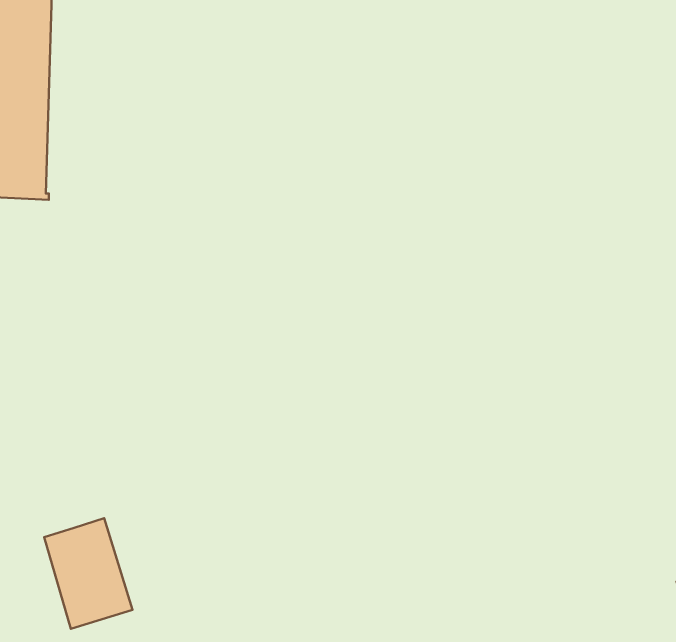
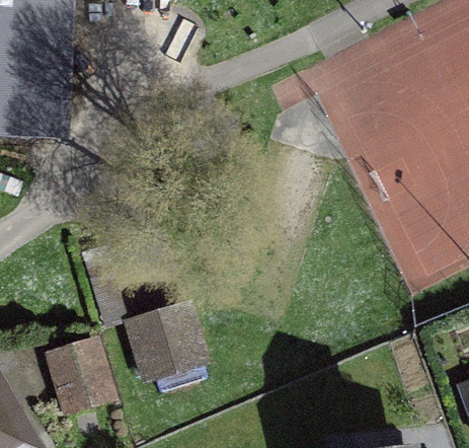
building: none -> [124,302,199,377]

